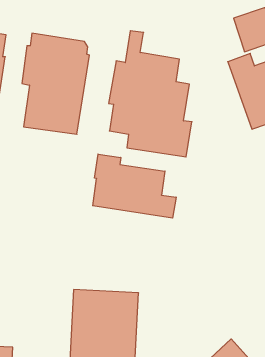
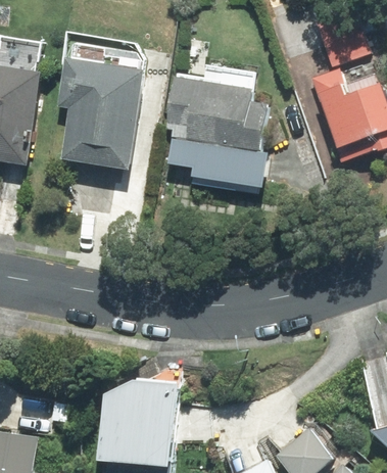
building: [93,154,176,218] -> none

